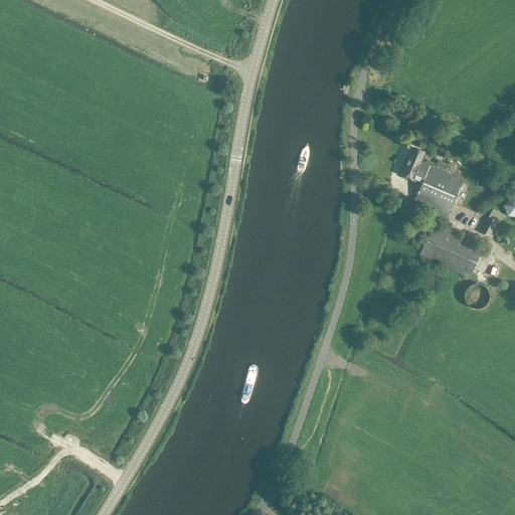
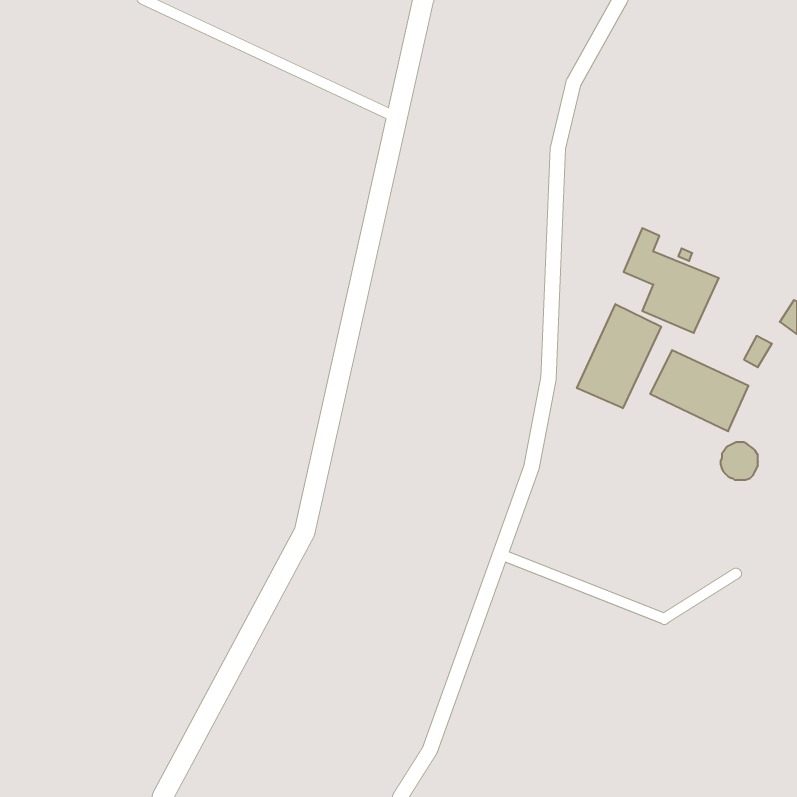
building: none -> [577,304,661,408]

